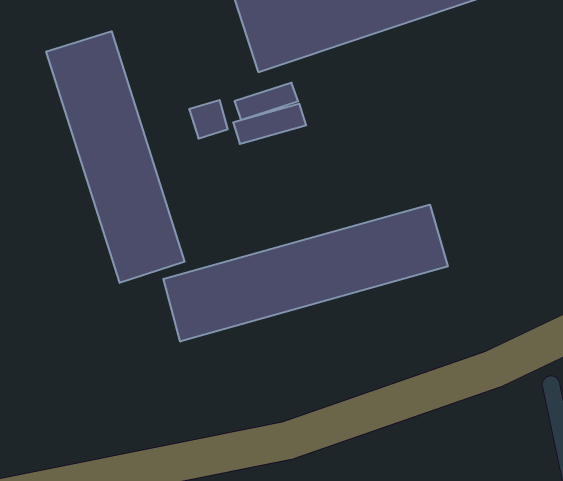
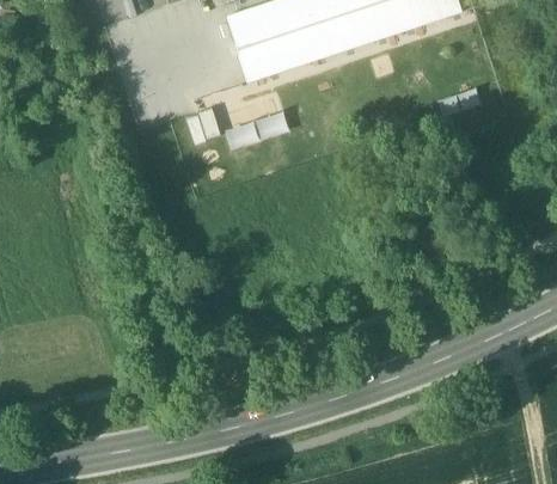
building: [46,31,185,283] -> none
building: [163,205,448,342] -> none

